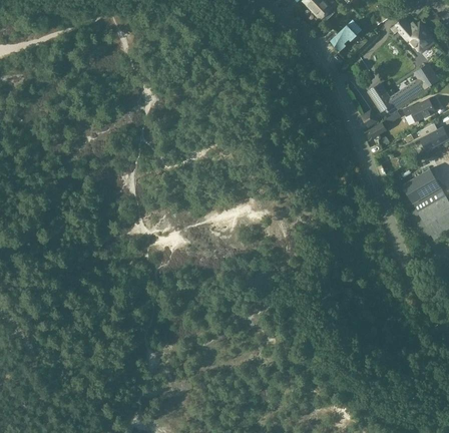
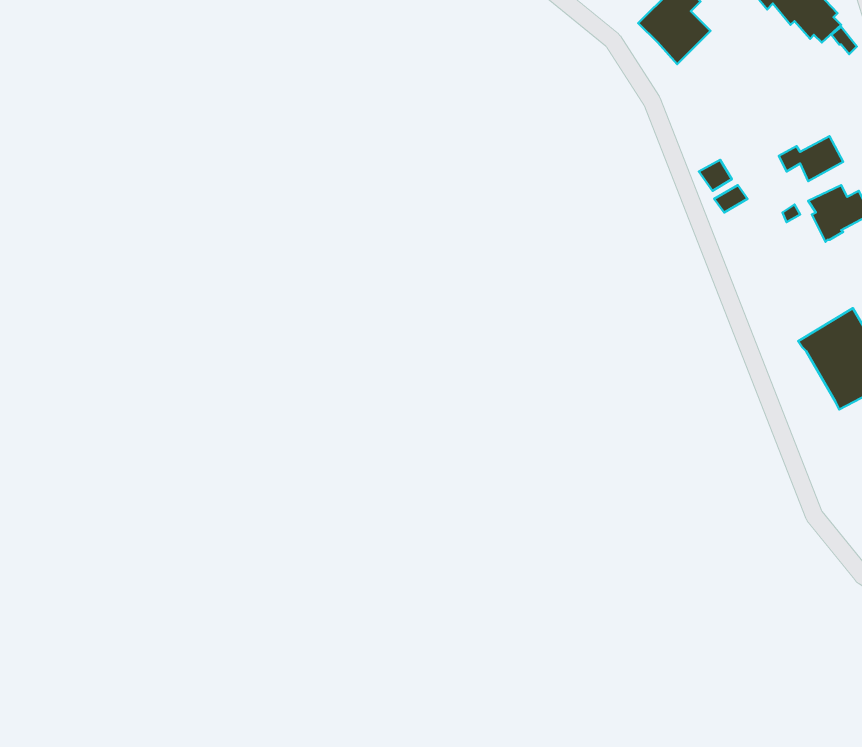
building: [368,64,437,113] -> none
building: [403,168,441,203] -> none

